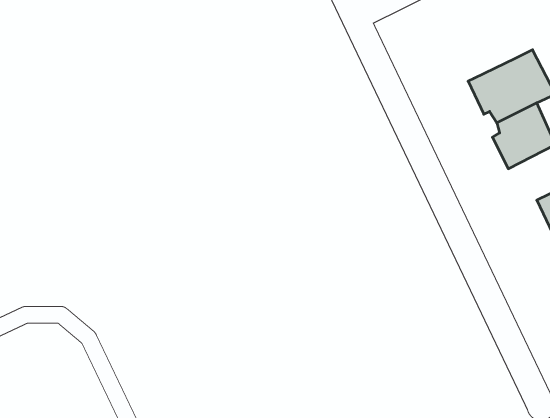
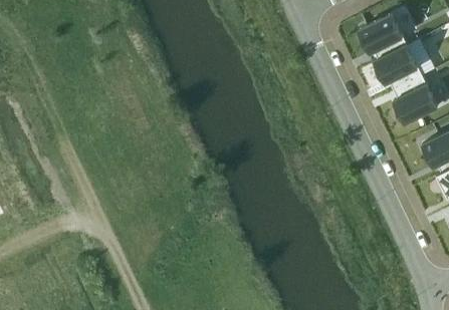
building: none -> [359,12,407,57]

